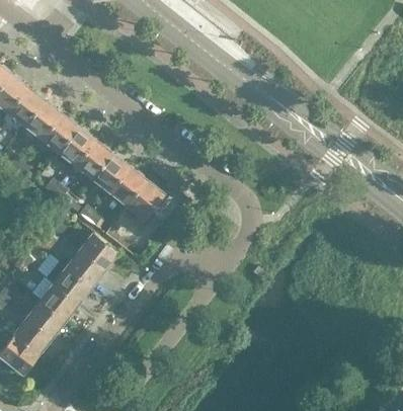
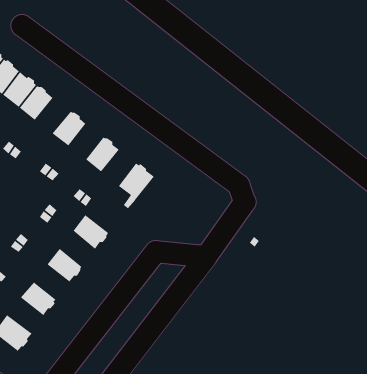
building: [41,114,77,151] -> none
building: [75,141,110,177] -> none
building: [108,167,144,204] -> none
building: [66,250,102,286] -> none
building: [39,284,76,320] -> none
building: [12,318,50,353] -> none

